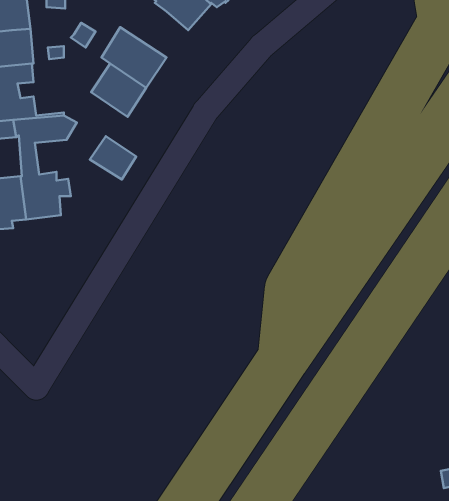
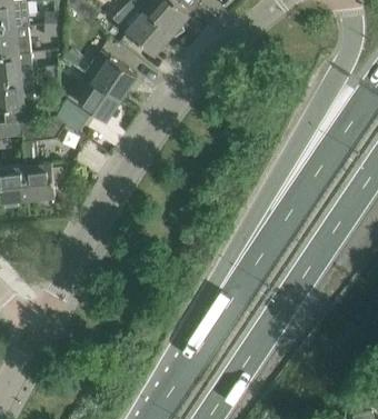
building: [90,136,136,180] -> [54,97,90,130]

